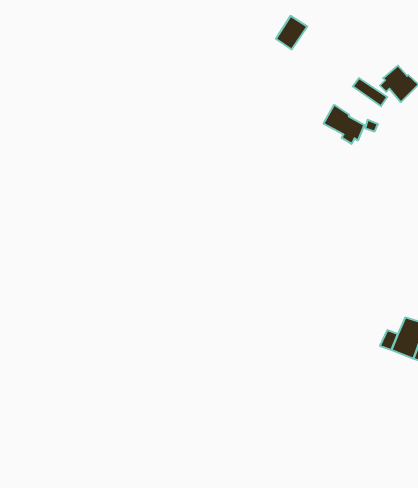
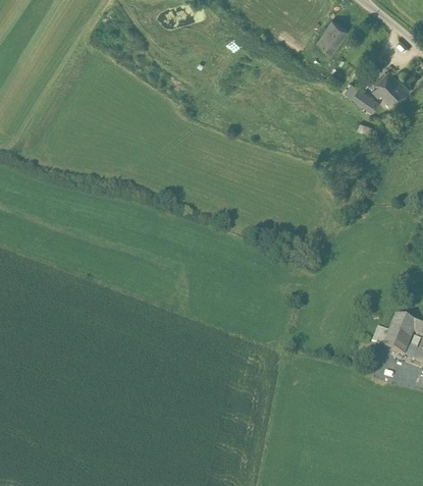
building: [276,16,307,49] -> [317,19,348,52]
building: [324,105,364,144] -> none

